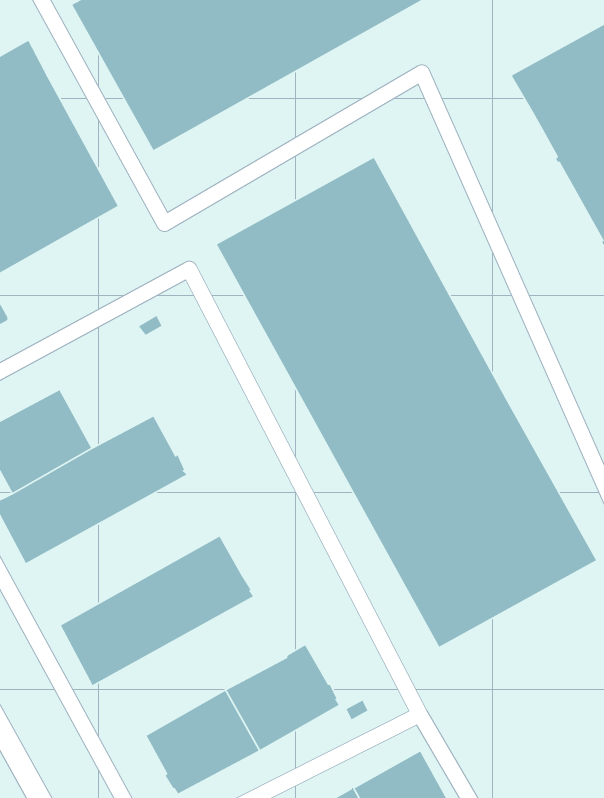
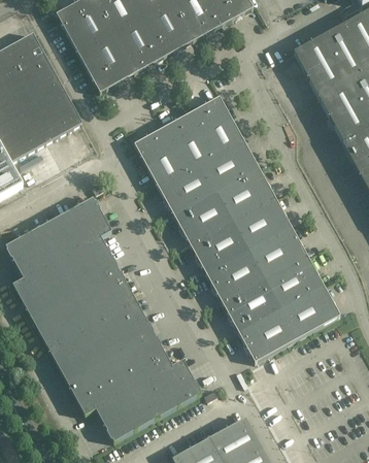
building: none -> [49,197,111,253]
building: none -> [31,267,136,349]
building: none -> [67,333,172,415]

